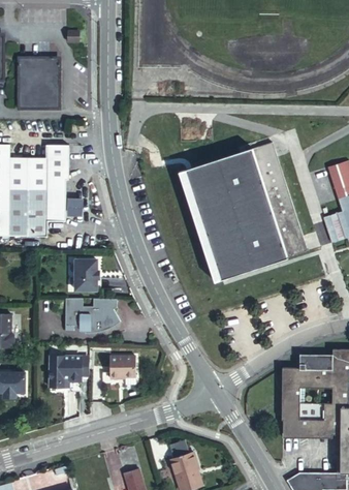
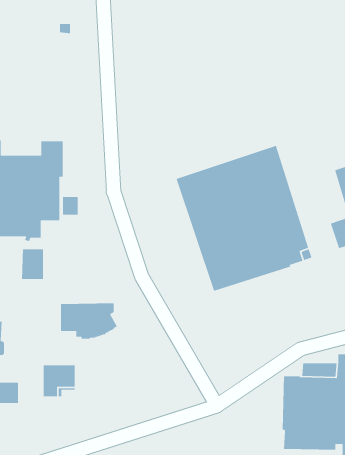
building: [19,56,59,106] -> none
building: [76,259,98,289] -> [21,248,44,280]
building: [109,355,135,377] -> none

